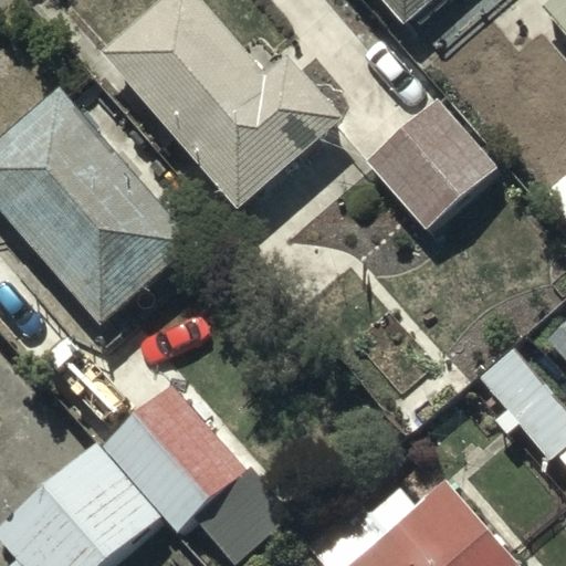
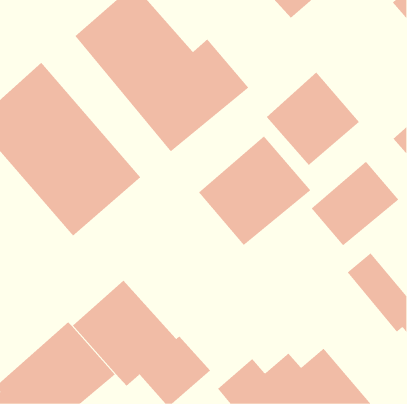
building: none -> [198,136,311,246]
building: none -> [311,161,399,246]

